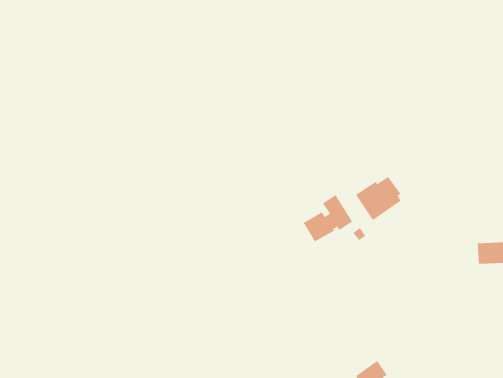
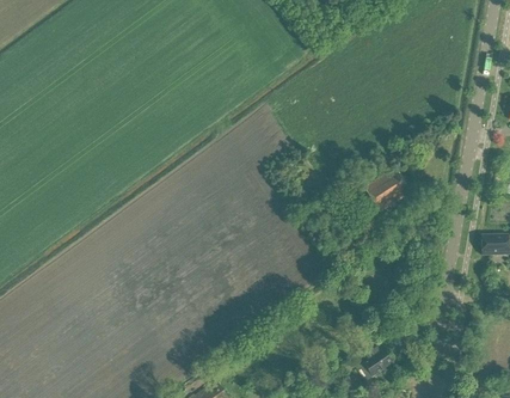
building: [303,194,353,242] -> none

